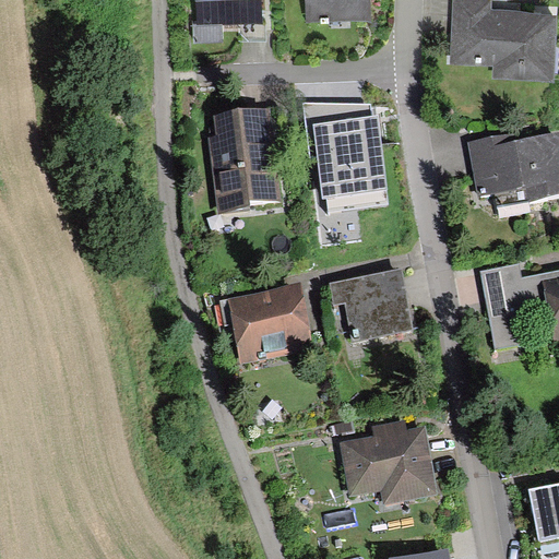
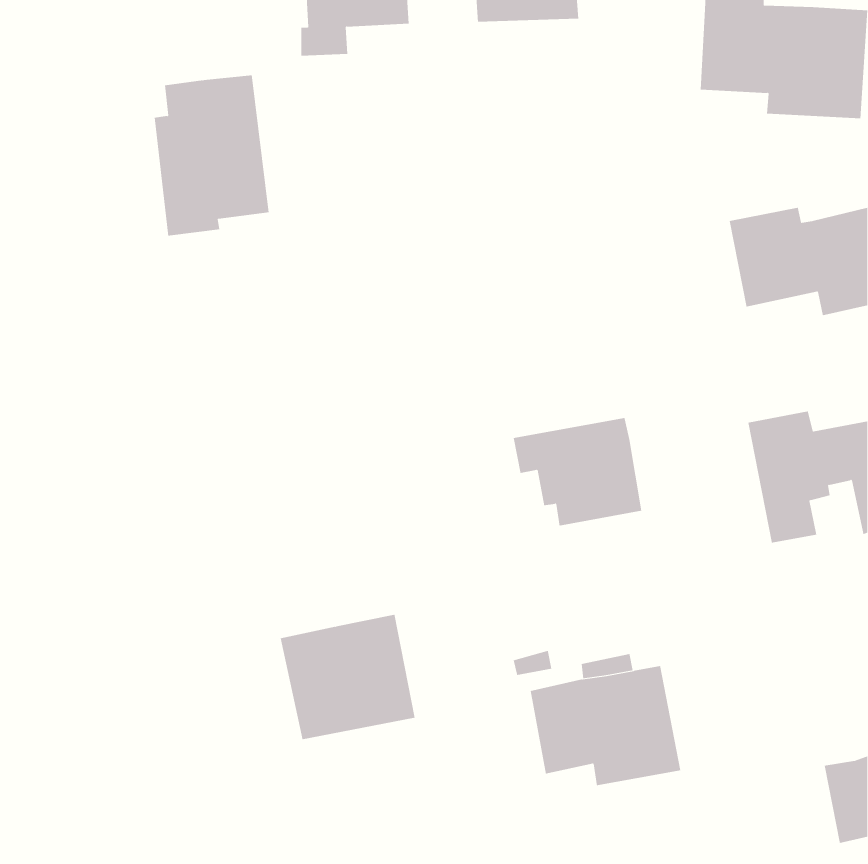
building: [313,108,376,206] -> none
building: [207,109,282,213] -> [154,75,269,236]
building: [227,283,314,364] -> [280,614,416,740]

